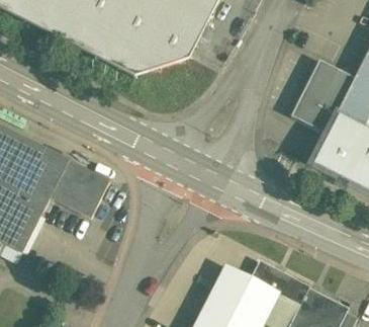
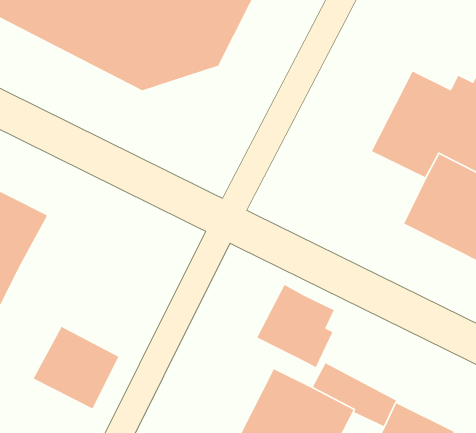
building: [50,159,109,217] -> [32,326,119,410]
building: none -> [256,284,335,368]

